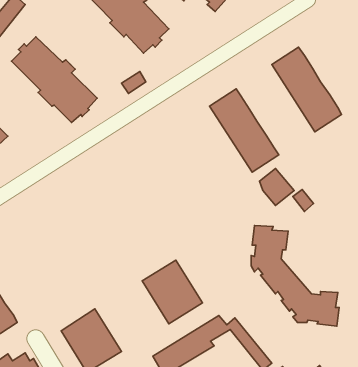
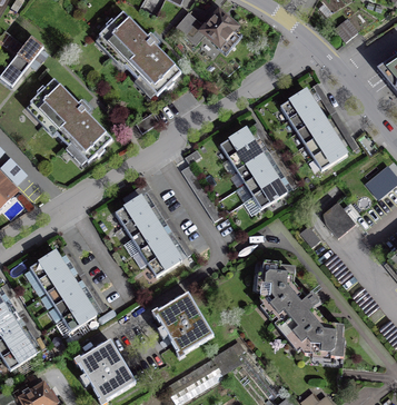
building: none -> [113,195,181,276]
building: [259,168,294,206] -> [321,201,355,237]
building: none -> [29,249,96,329]

